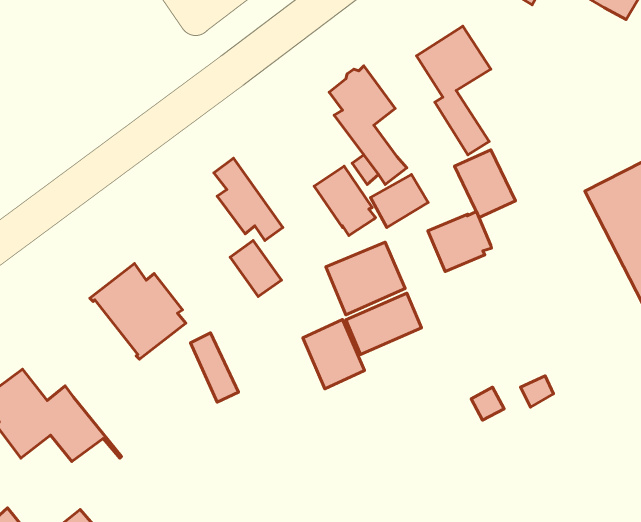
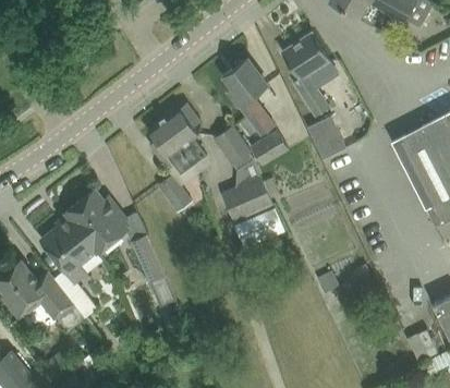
building: none -> [160,105,206,166]
building: [428,212,492,271] -> none
building: none -> [40,213,98,283]
building: [303,320,365,389] -> none

